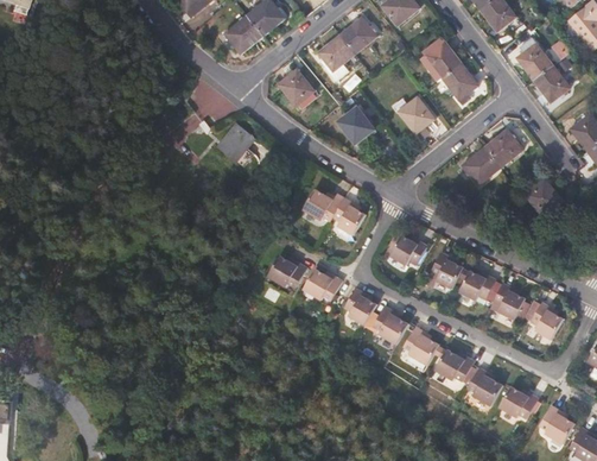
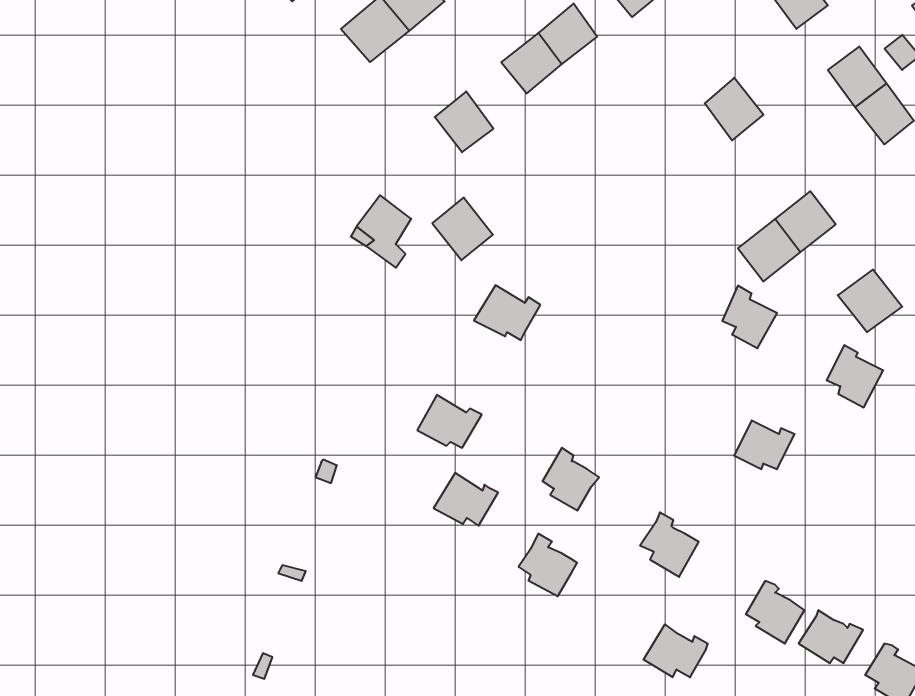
building: [417,37,459,81] -> none
building: [402,100,438,137] -> none
building: [338,106,375,144] -> [432,198,493,260]
building: [332,196,366,234] -> none
building: [389,234,426,265] -> none
building: [431,250,464,288] -> [722,286,777,348]
building: [303,267,342,299] -> [434,473,498,526]
building: [491,282,526,320] -> [827,345,883,408]
building: [529,301,564,339] -> none
building: [373,304,408,342] -> [519,534,577,596]
building: [434,348,474,380] -> [643,624,708,677]

